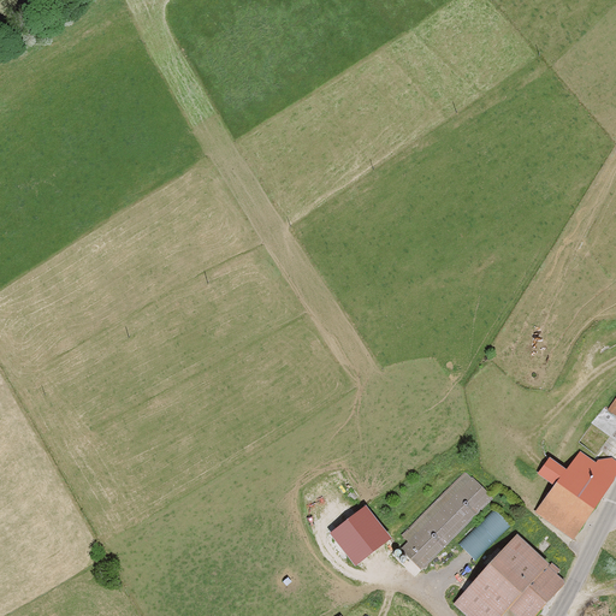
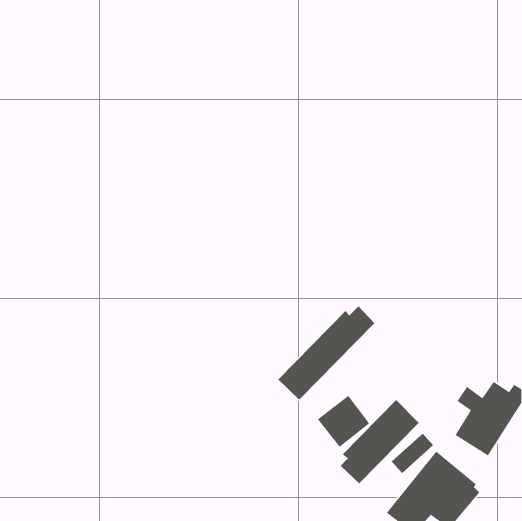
building: none -> [277,305,375,400]
building: [327,504,390,567] -> [317,395,370,448]

